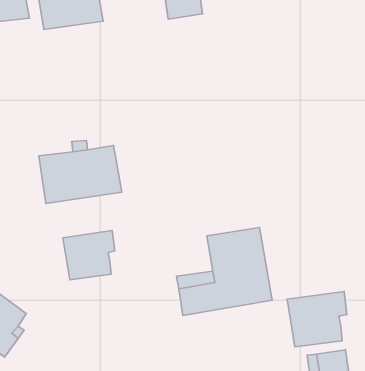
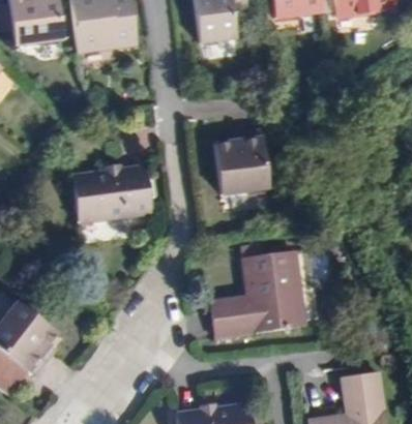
building: none -> [213,129,270,193]
building: [63,230,115,280] -> none
building: [287,291,347,347] -> none

